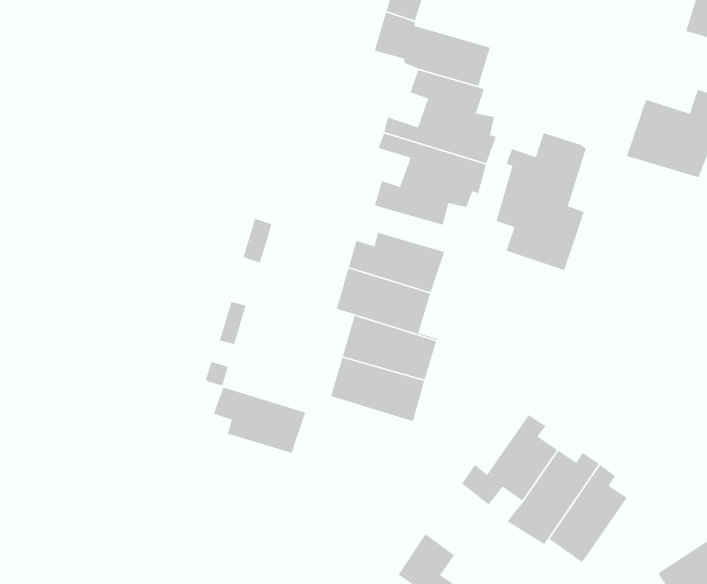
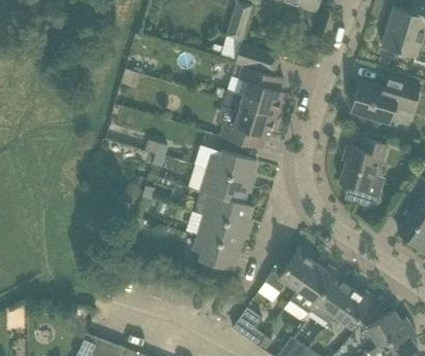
building: [496,132,587,271] -> [339,138,386,210]
building: [213,386,306,454] -> [191,237,240,272]
building: none -> [332,289,374,329]

